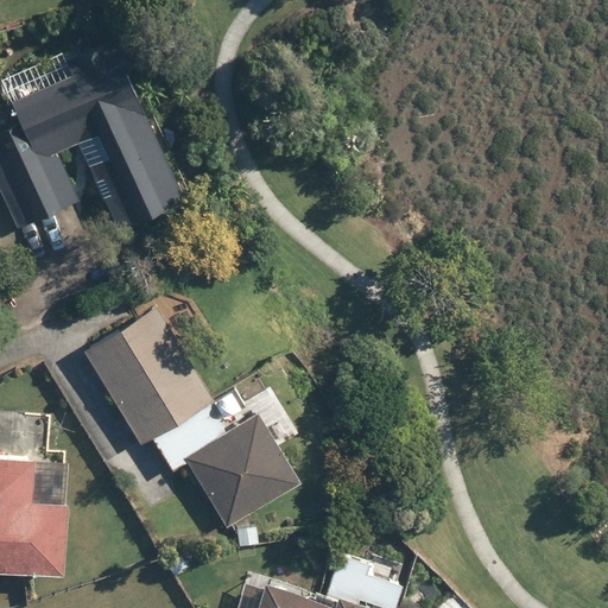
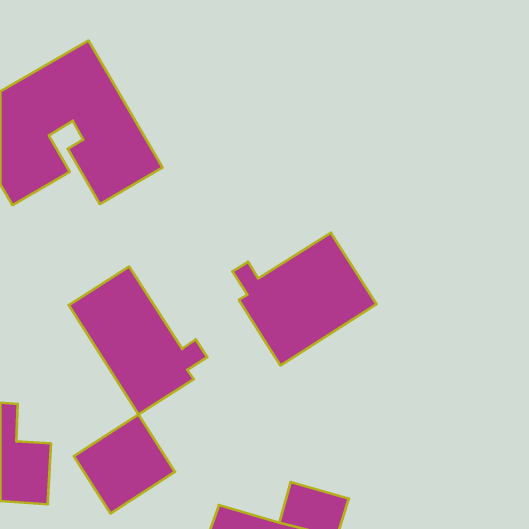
building: none -> [232,233,376,365]
building: [184,414,299,527] -> [74,414,175,513]

